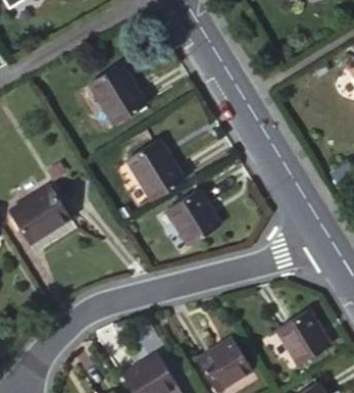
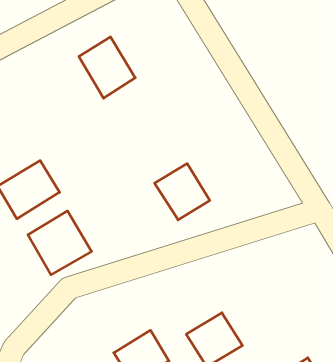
building: [127,138,183,199] -> none
building: none -> [28,211,92,275]
building: [276,310,330,365] -> none

